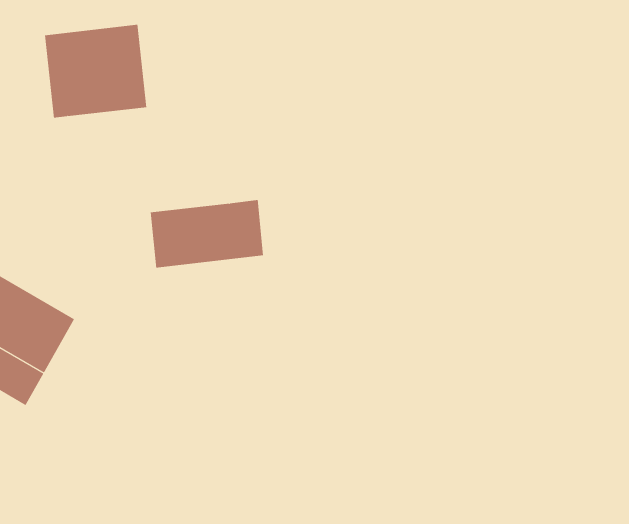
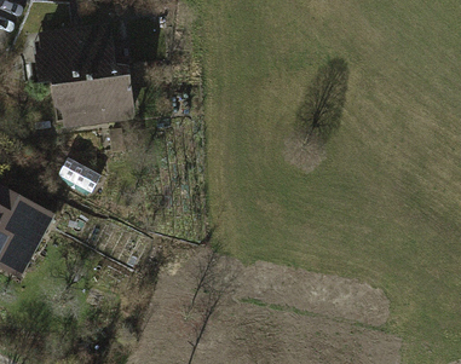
building: [150,200,264,268] -> [52,79,128,125]

